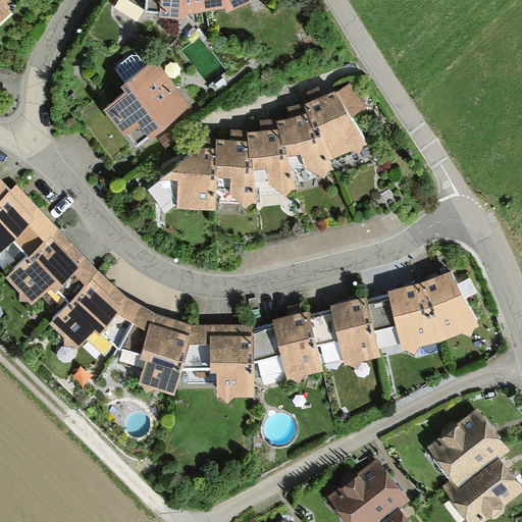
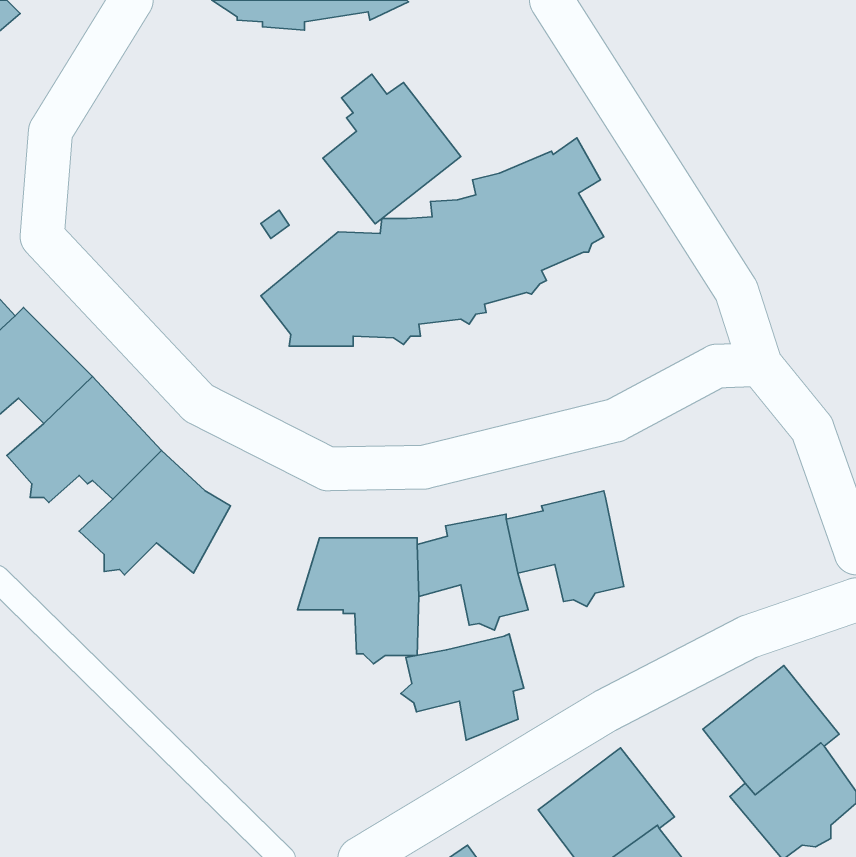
building: [104,51,188,142] -> [323,74,461,224]
building: [367,274,477,355] -> none
building: [117,308,194,397] -> none
building: none -> [401,634,524,740]

